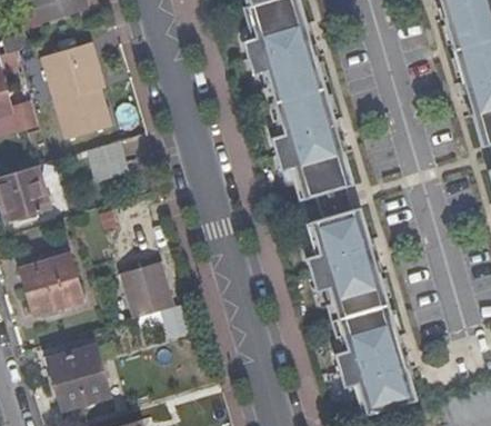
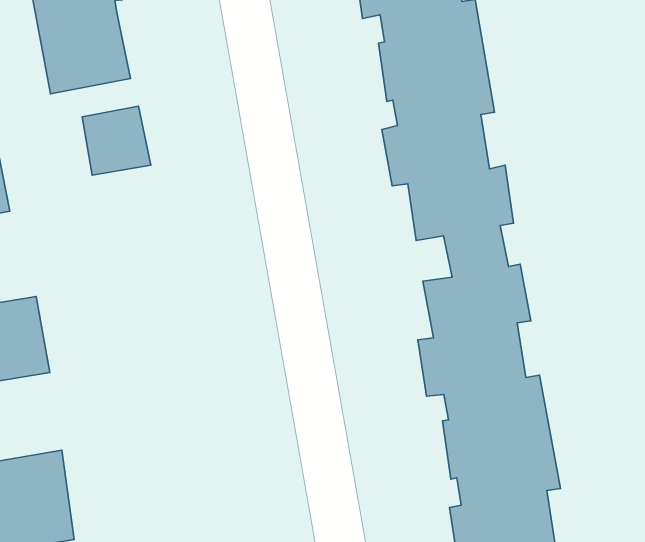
building: [126,260,179,317] -> none

